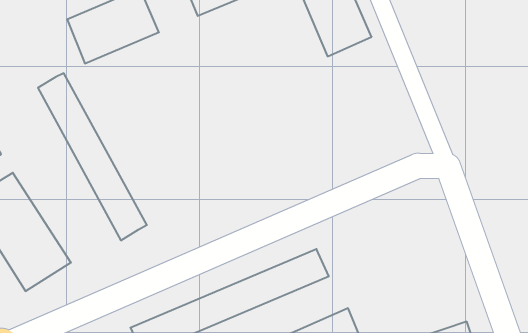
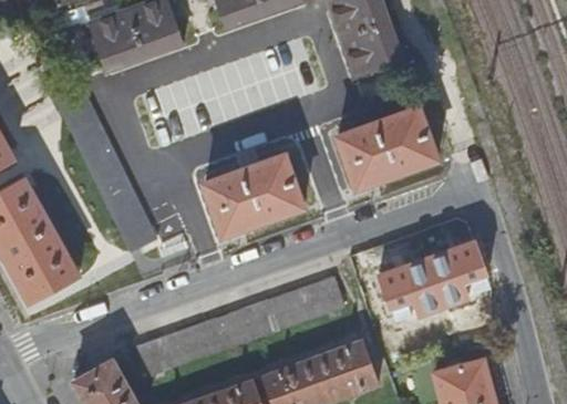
building: none -> [331,107,437,188]
building: none -> [205,155,303,236]
building: none -> [378,242,489,323]

